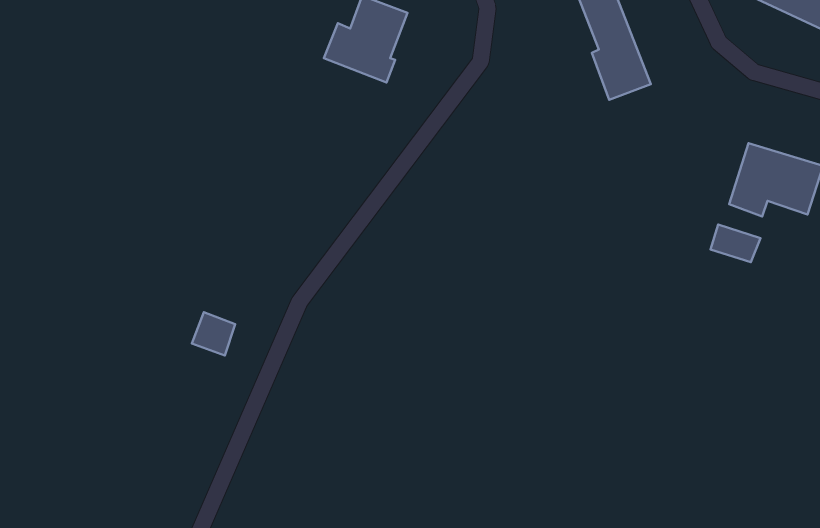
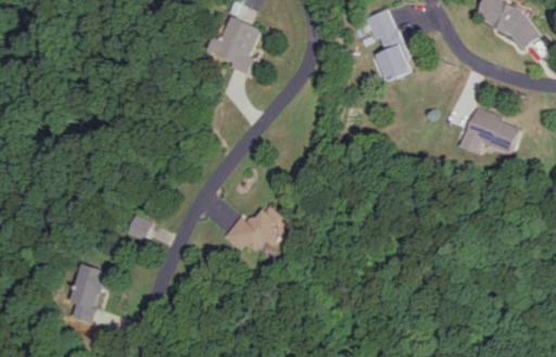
building: [710,224,760,262] -> none
building: none -> [225,207,292,253]
building: none -> [68,264,104,323]

